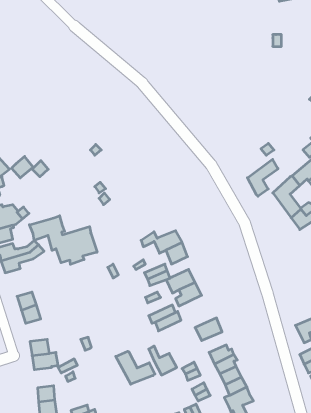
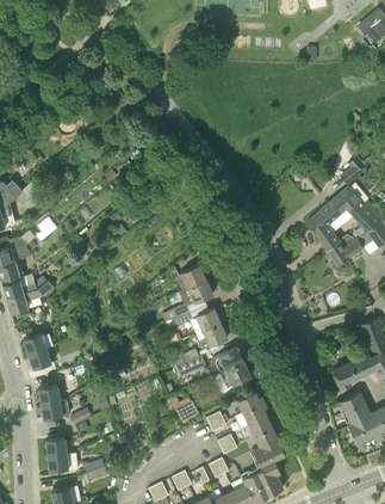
building: [247,159,278,196] -> none
building: [29,216,97,264] -> none
building: none -> [210,348,244,374]
building: [116,351,155,384] -> none

